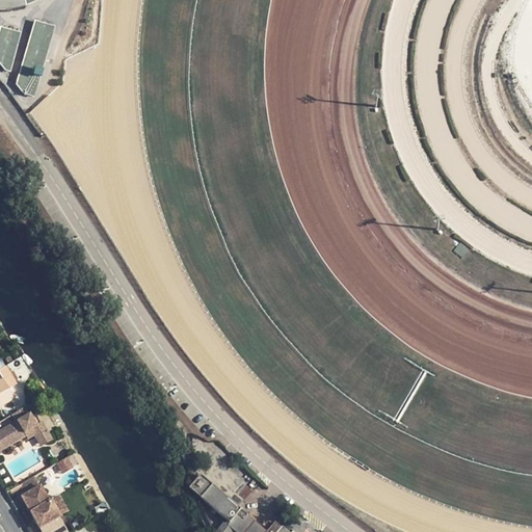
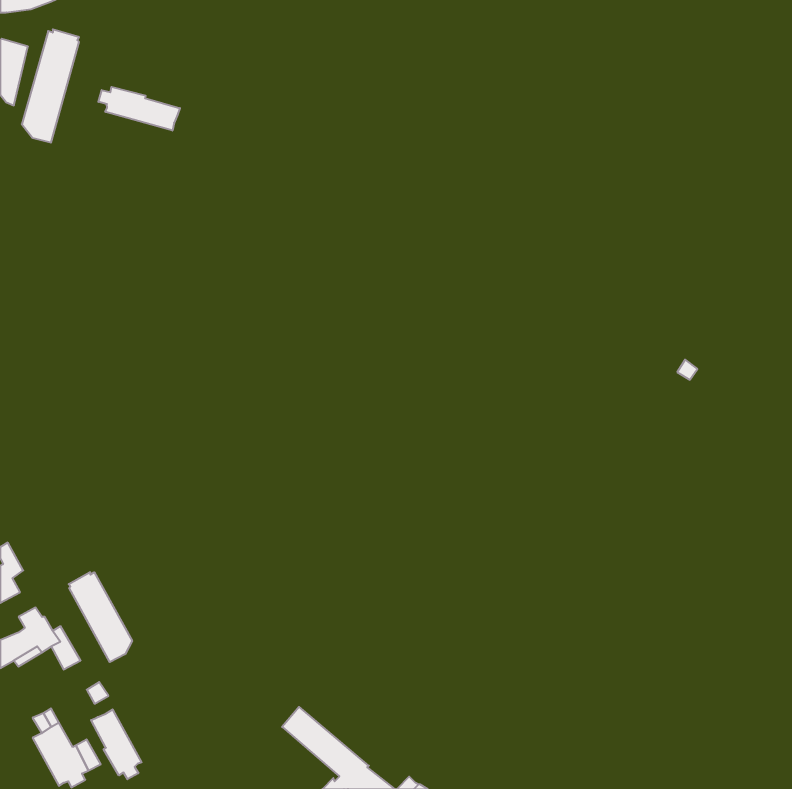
building: none -> [98,87,180,131]
building: none -> [69,572,132,662]
building: none -> [91,709,142,779]

